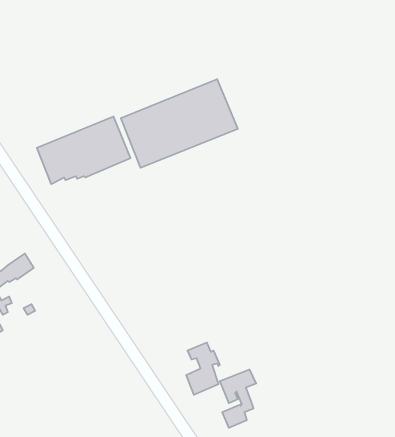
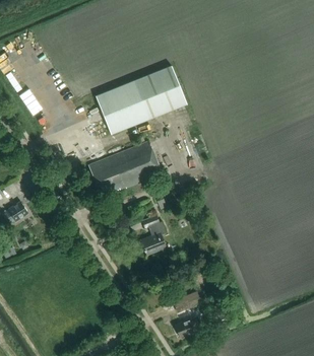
building: [37,116,131,184] -> [88,140,162,193]
building: [186,343,220,395] -> [140,214,167,255]

